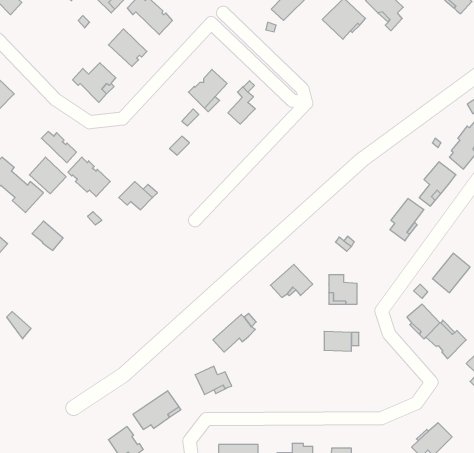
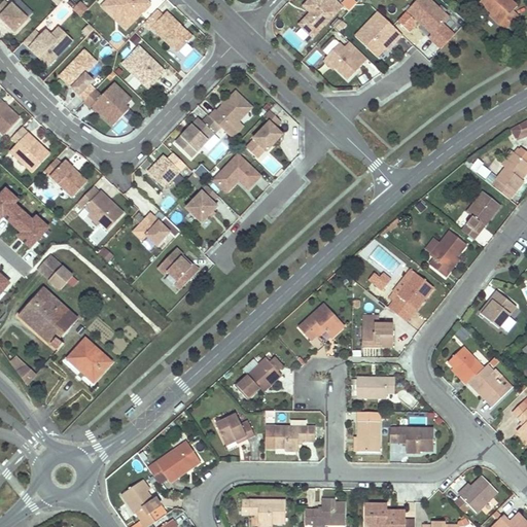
building: none -> [23,27,72,65]
building: none -> [325,43,368,79]
building: none -> [59,49,97,94]
building: none -> [175,115,219,156]
building: none -> [211,151,260,190]
building: none -> [147,152,185,187]
building: none -> [187,186,218,222]
building: [29,157,66,194] -> [8,131,48,171]
building: none -> [156,247,199,288]
building: none -> [388,268,434,321]
building: none -> [19,287,78,350]
building: none -> [68,338,112,382]
building: none -> [357,412,381,452]
building: none -> [266,426,315,452]
building: none -> [390,427,433,453]

